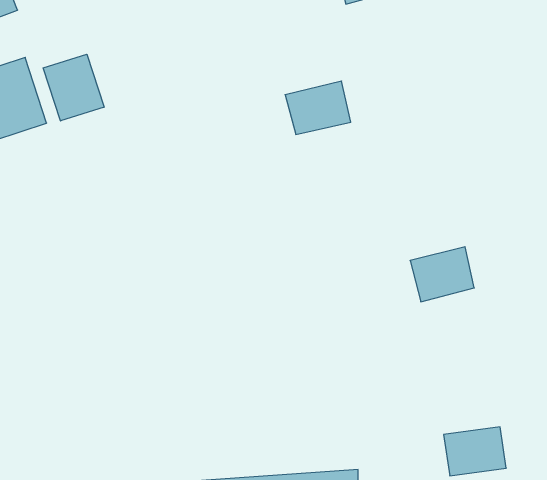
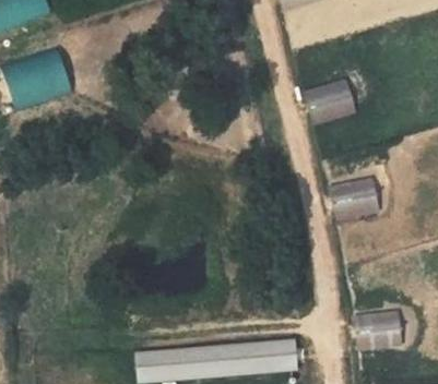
building: [43,54,104,121] -> none
building: [285,81,351,134] -> [307,76,354,115]

